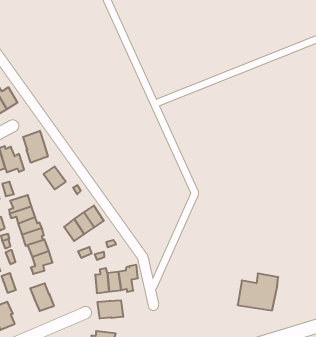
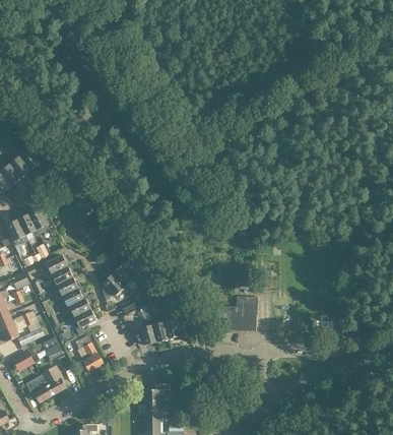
building: [23,131,48,163] -> none
building: [238,273,278,310] -> [219,296,257,331]
building: [98,300,123,319] -> none

